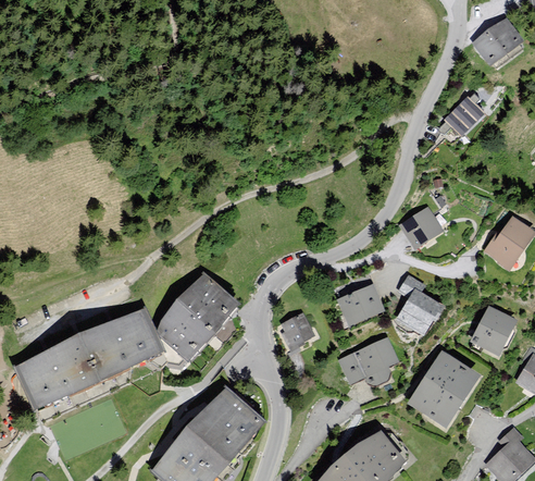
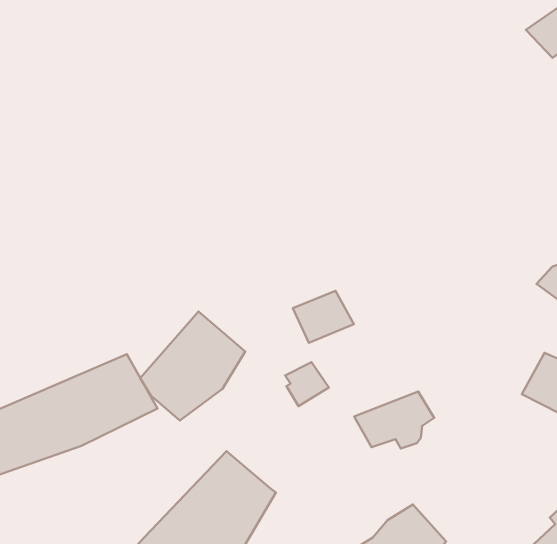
building: [441,95,487,136] -> none
building: [396,206,443,250] -> none
building: [394,274,447,336] -> none
building: [336,283,386,325] -> [293,291,354,343]
building: [405,349,483,425] -> none

